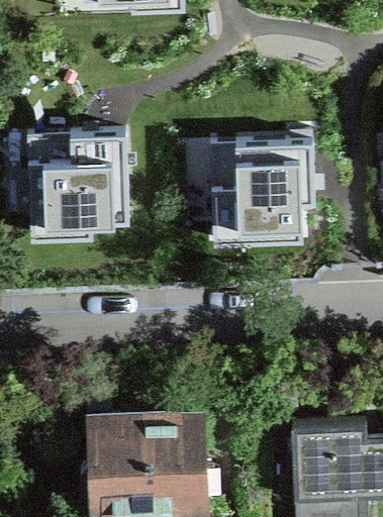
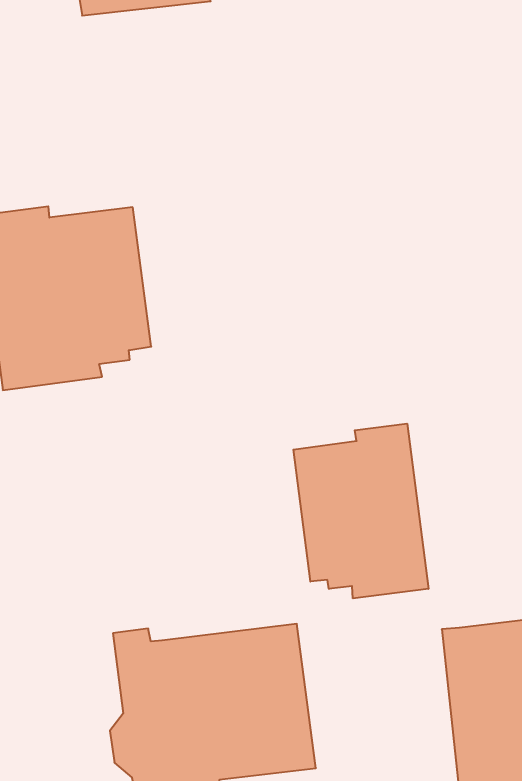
building: [212,142,315,247] -> none
building: none -> [293,424,428,598]

